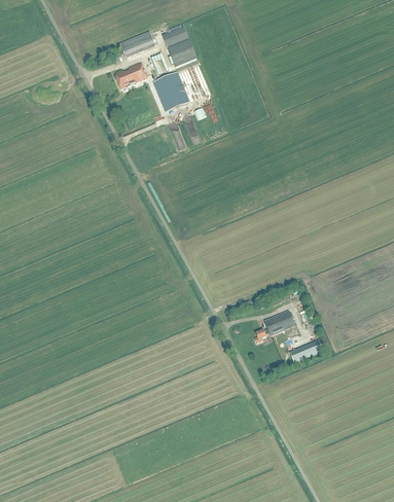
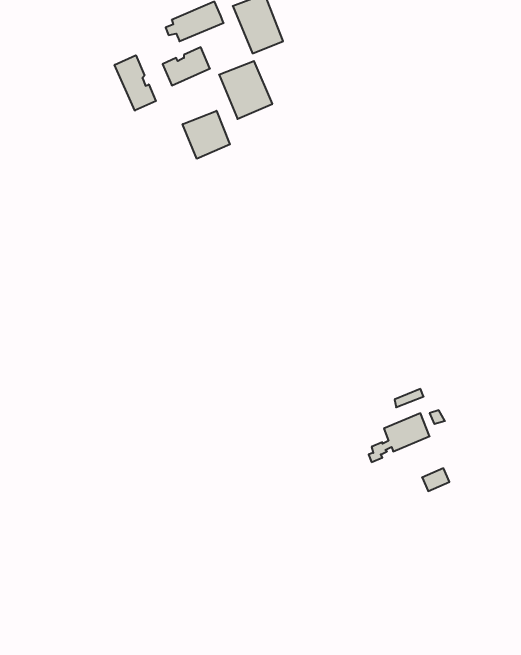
building: none -> [115,55,156,111]
building: none -> [183,111,230,159]

